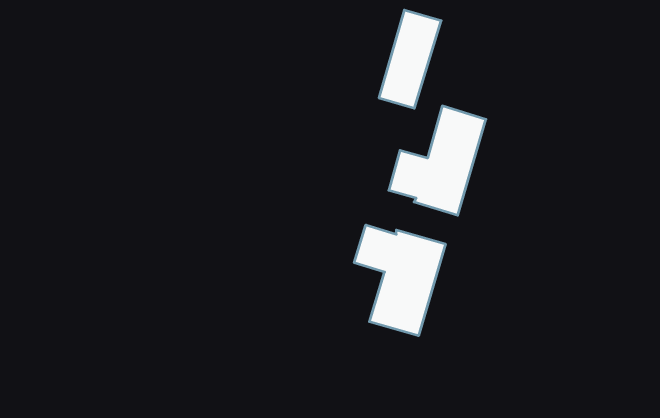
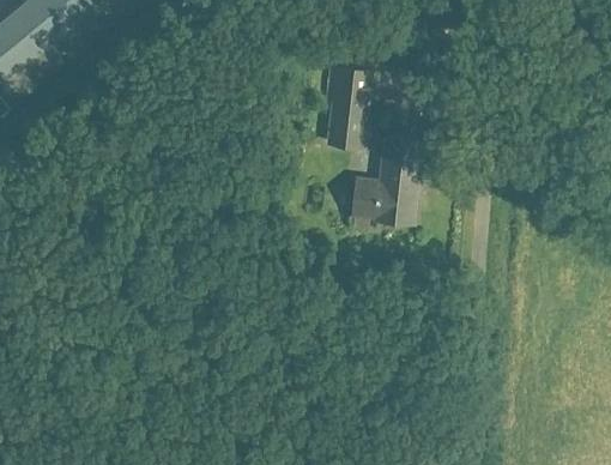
building: [354,225,445,336] -> none

